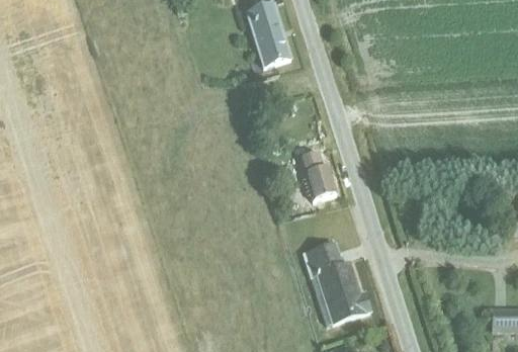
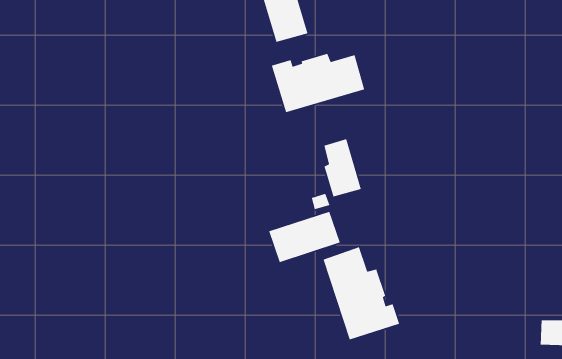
building: none -> [271,53,365,113]
building: none -> [268,211,341,263]

